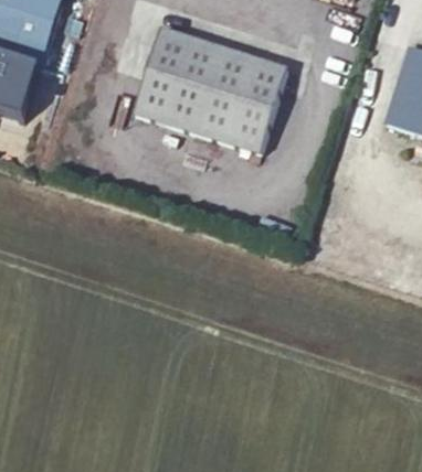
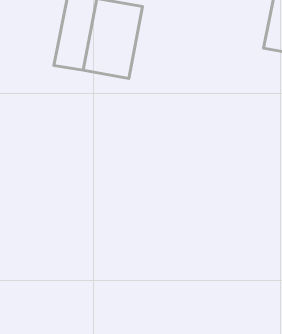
building: [221,56,289,153] -> none

